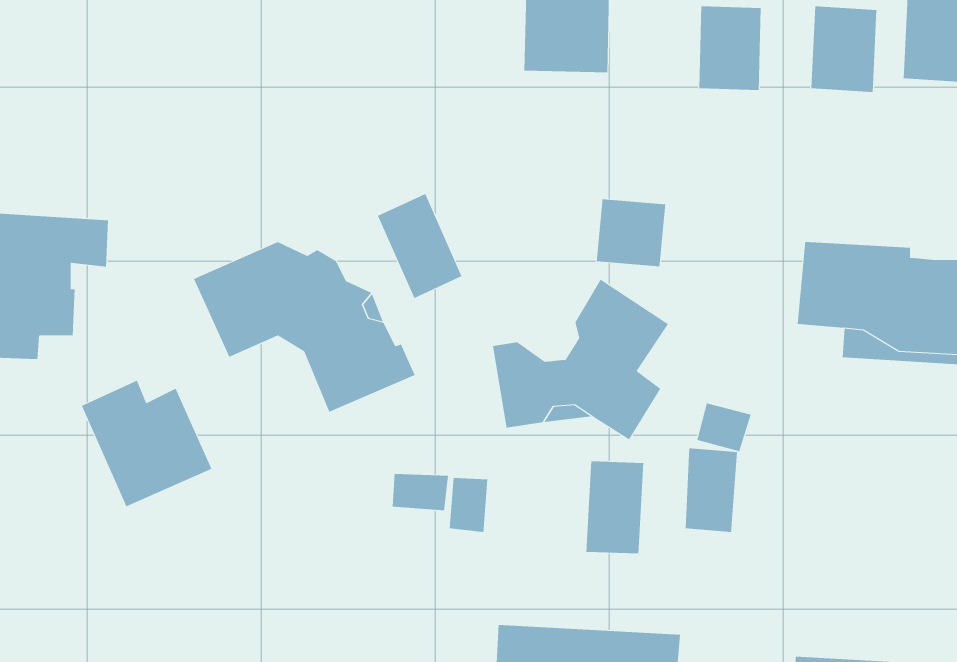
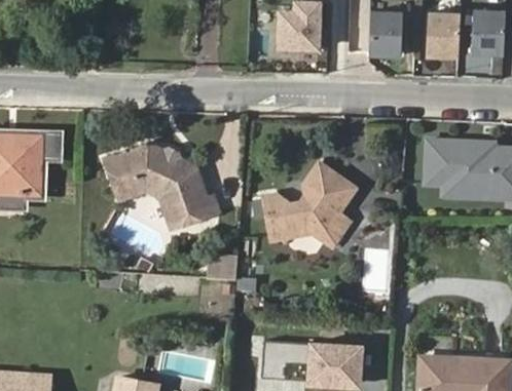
building: [377,193,462,299] -> none
building: [596,199,666,267] -> none
building: [81,380,212,507] -> none
building: [586,461,644,554] -> none

